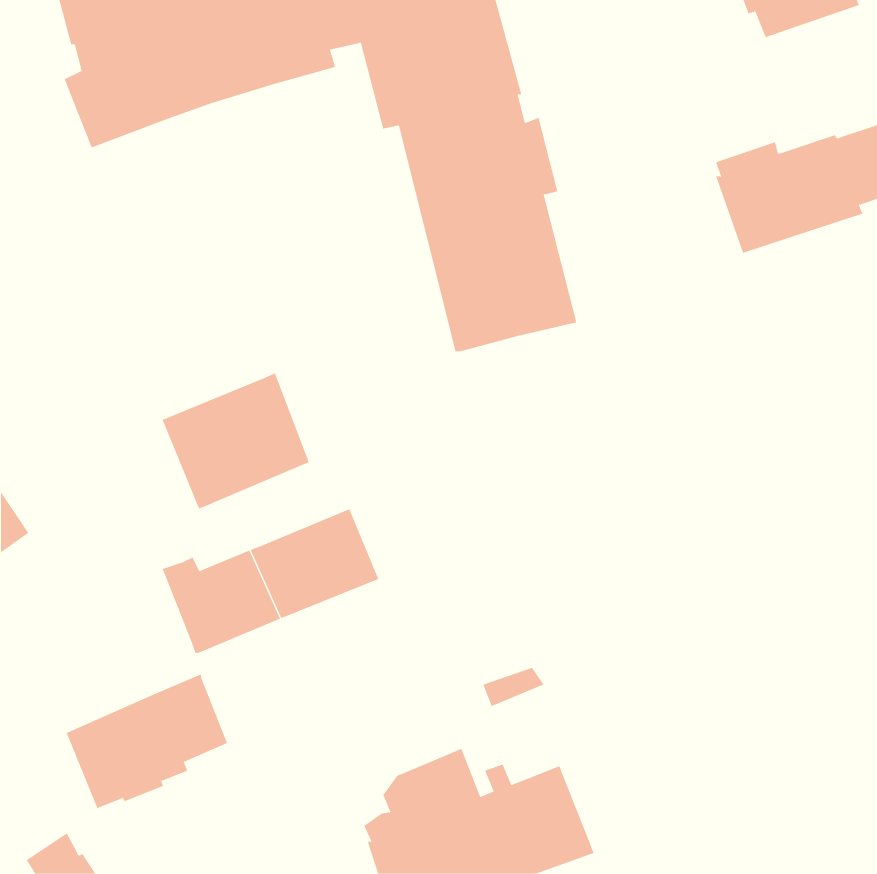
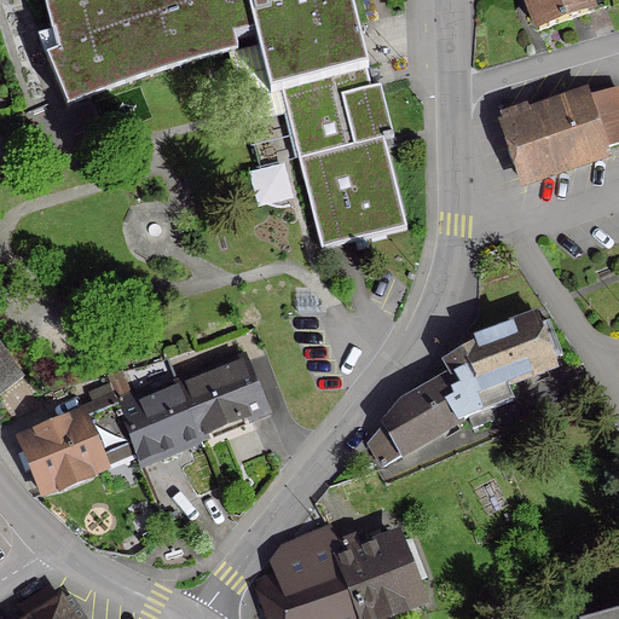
building: [162,373,310,509] -> none
building: none -> [370,313,556,463]
building: [66,674,228,809] -> [21,397,134,491]

